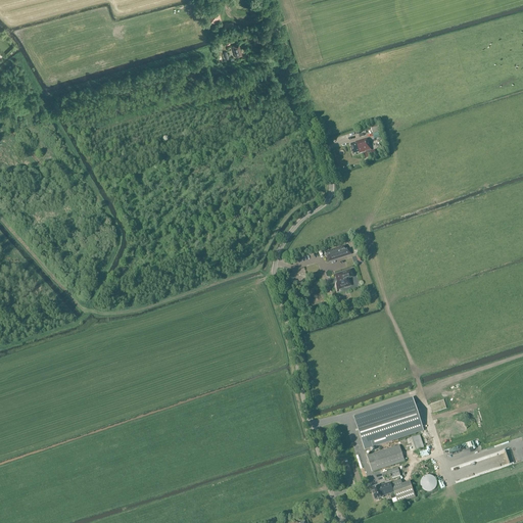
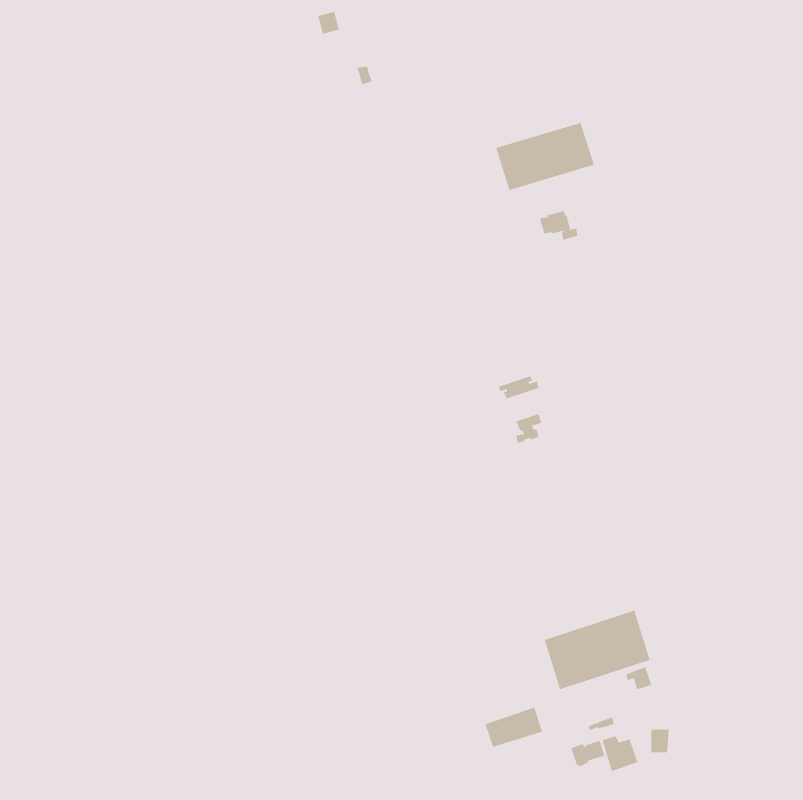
building: none -> [495,122,594,191]
building: [367,443,405,470] -> [485,707,543,748]

